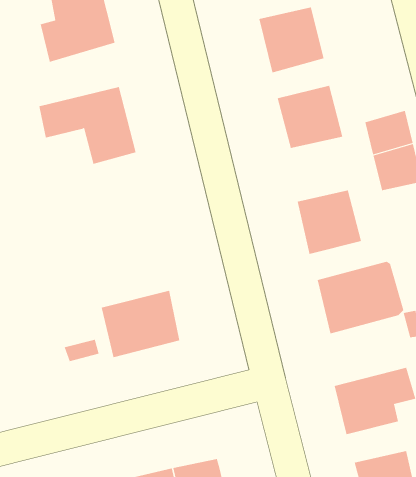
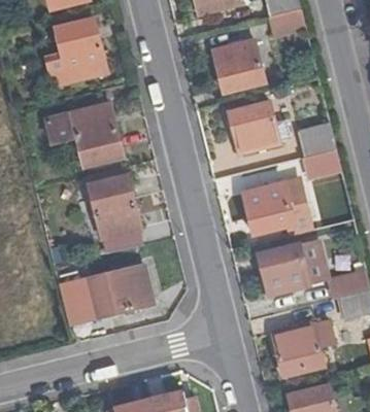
building: none -> [90,175,137,238]

